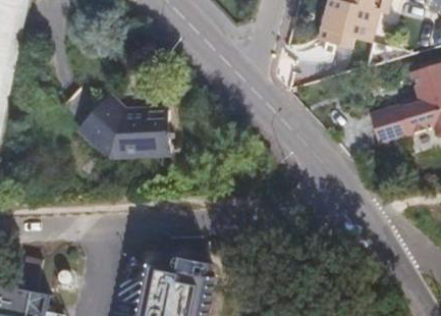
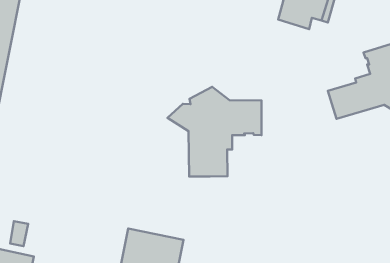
building: [75,94,163,158] -> none
building: none -> [167,87,262,176]

